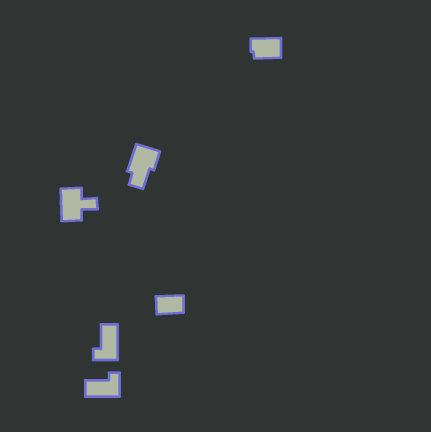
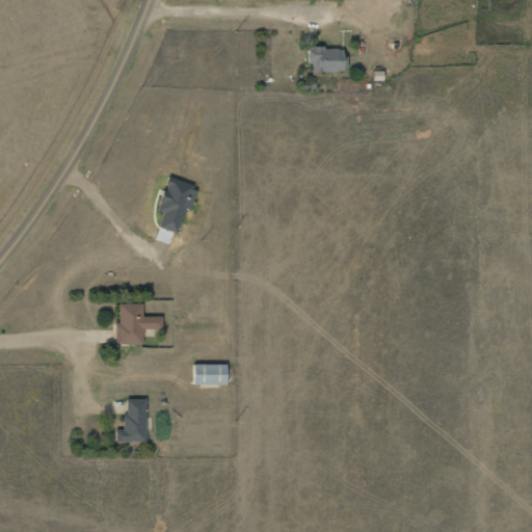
building: [61,188,98,221] -> [117,303,163,344]
building: [85,373,120,397] -> none

